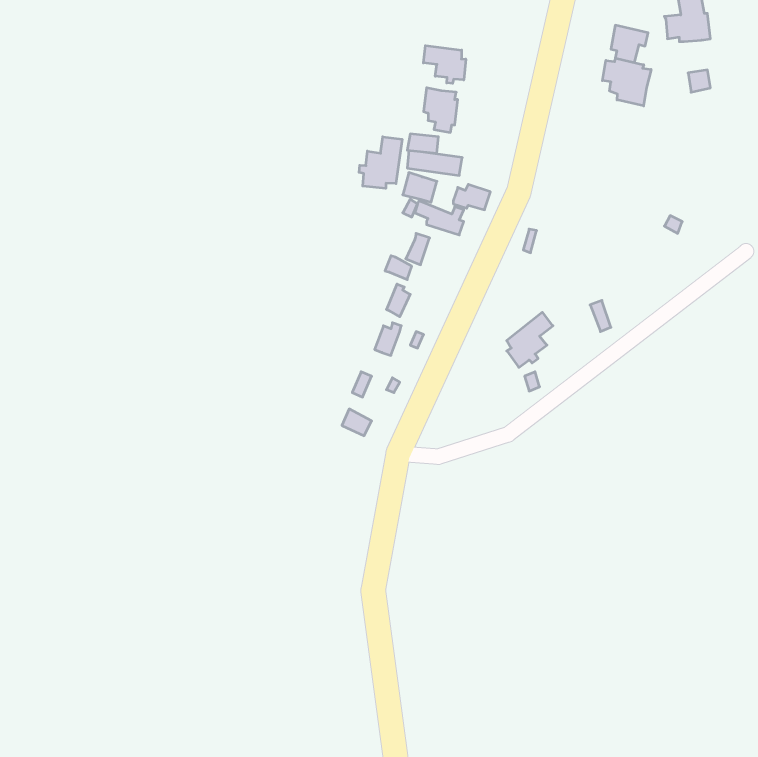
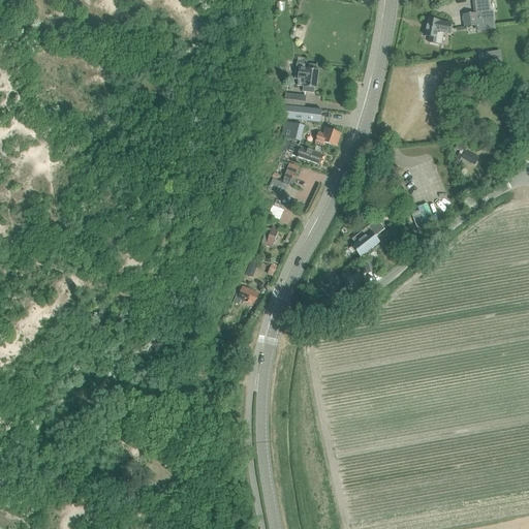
building: [423,46,466,83] -> none
building: [602,58,651,106] -> none
building: [359,137,402,188] -> none

